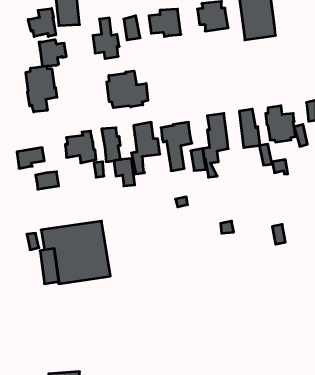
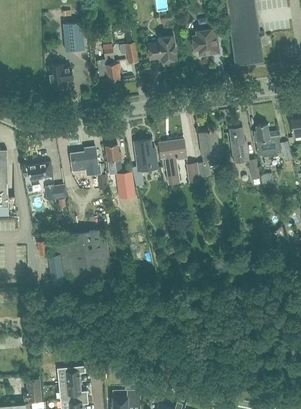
building: [28,8,56,37] -> none
building: [26,66,57,112] -> none
building: [107,71,148,108] -> none

